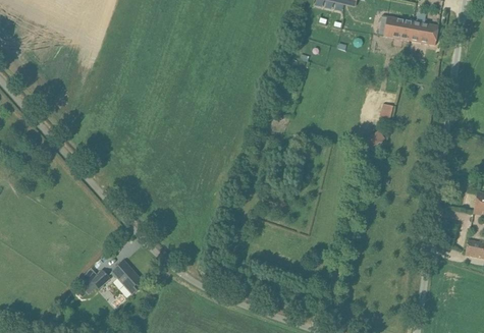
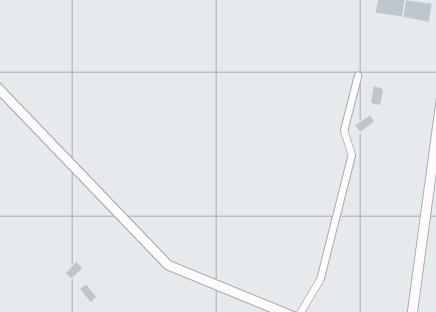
building: [112,260,142,294] -> none

